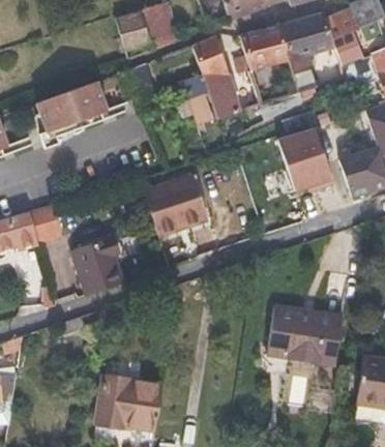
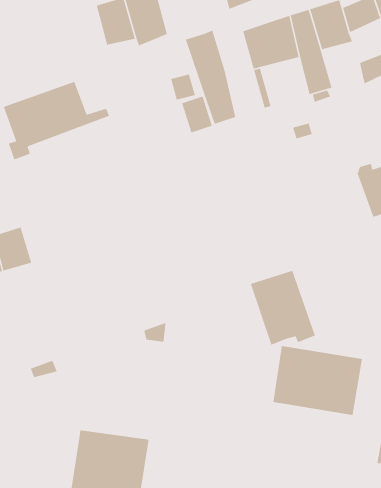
building: [277,127,333,191] -> [250,270,316,346]
building: [146,174,211,235] -> none
building: [79,234,127,293] -> none

